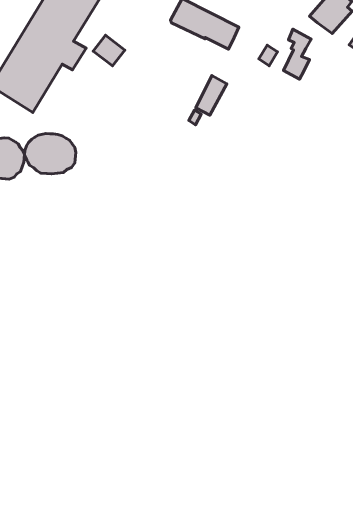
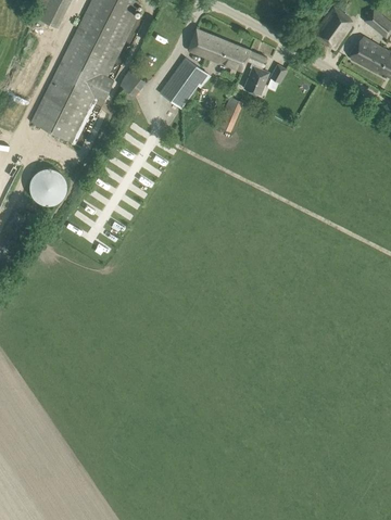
building: [283,29,311,79] -> [244,50,267,94]
building: none -> [154,58,211,109]
building: [24,133,76,174] -> none

